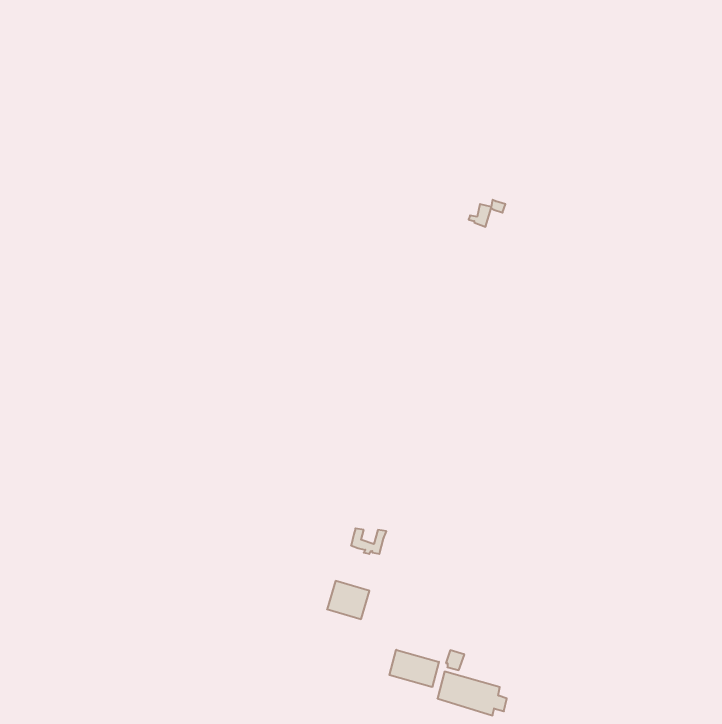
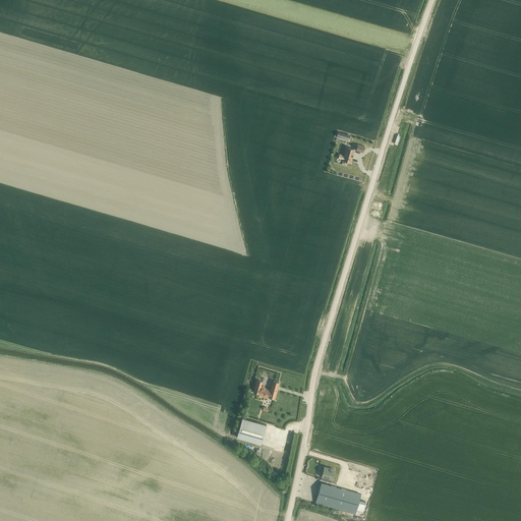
building: [389,650,439,687] -> none

